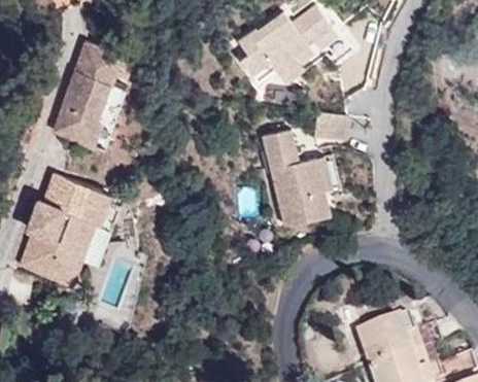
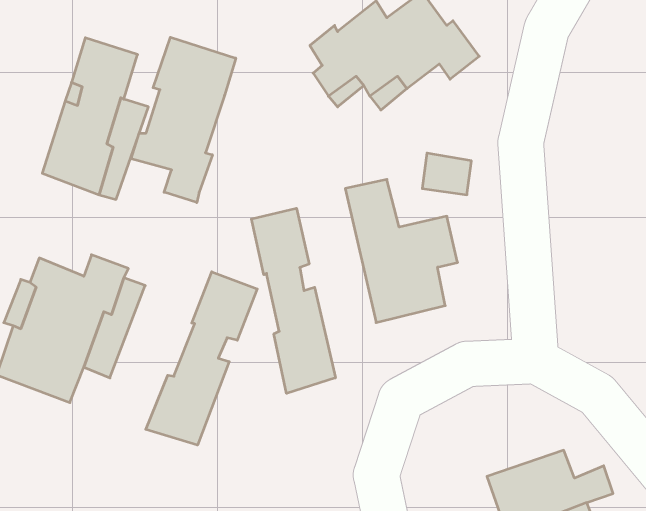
building: none -> [131,37,236,203]
building: none -> [251,208,335,393]
building: none -> [146,272,257,445]

